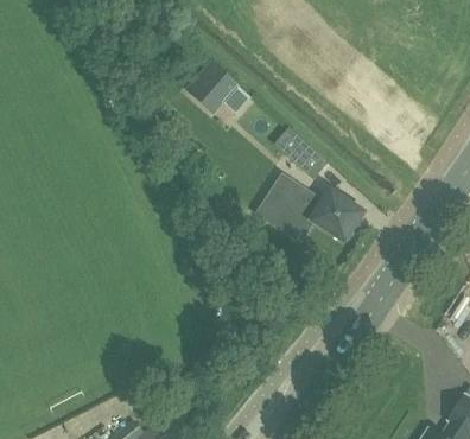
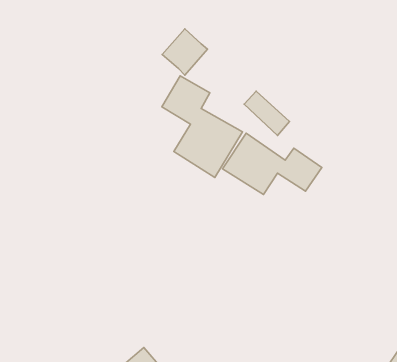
building: none -> [162,76,242,177]

